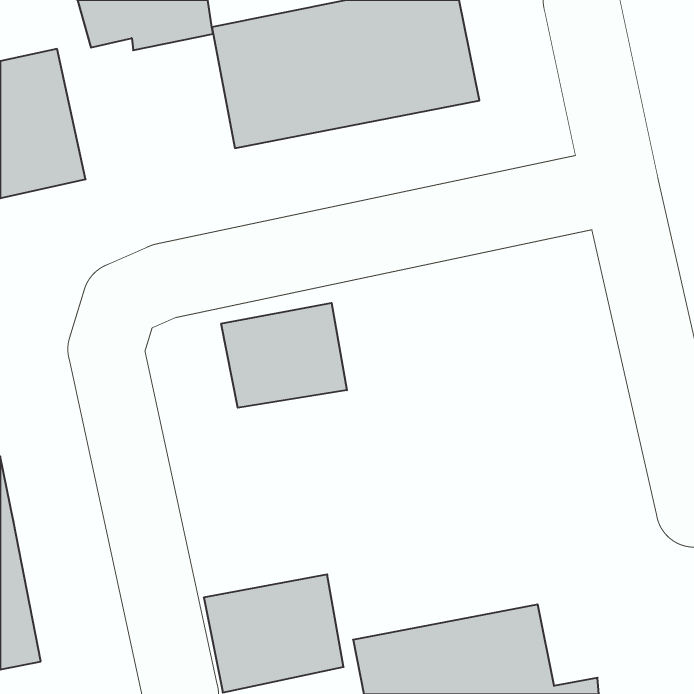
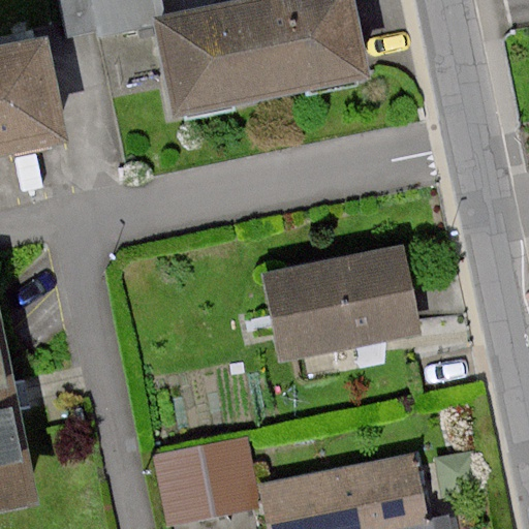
building: [221,303,347,408] -> none
building: none -> [269,251,415,354]

